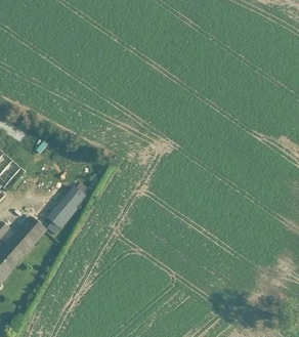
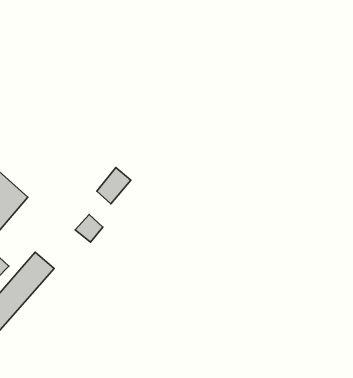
building: [47,199,75,228] -> [97,167,131,204]

